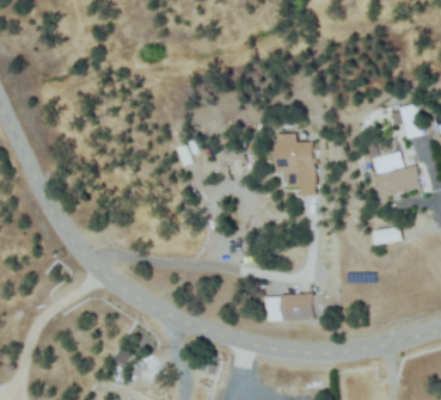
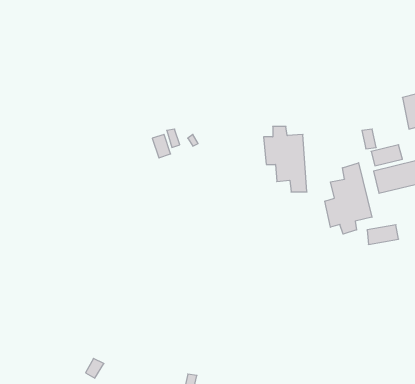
building: none -> [325,163,372,234]
building: [265,296,312,321] -> none

